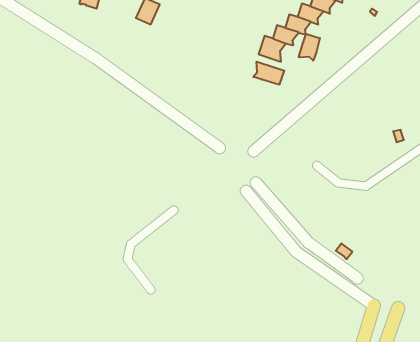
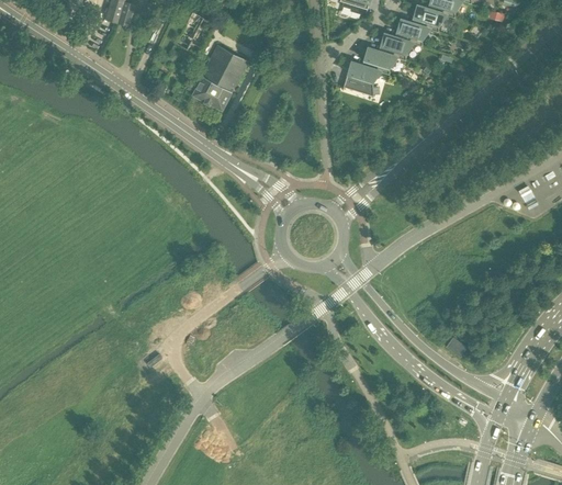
building: none -> [192,45,248,110]
building: [299,34,320,61] -> none
building: [253,62,284,85] -> none

